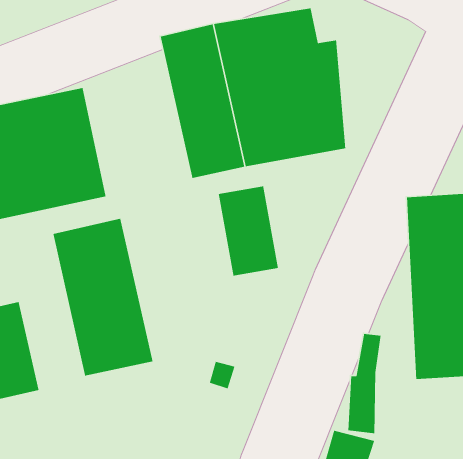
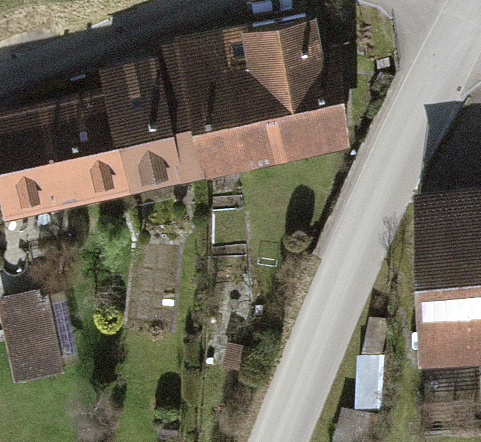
building: none -> [102,43,208,194]
building: [218,185,279,277] -> none
building: [52,218,153,377] -> none

